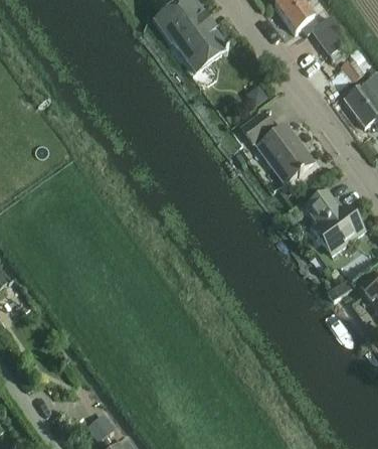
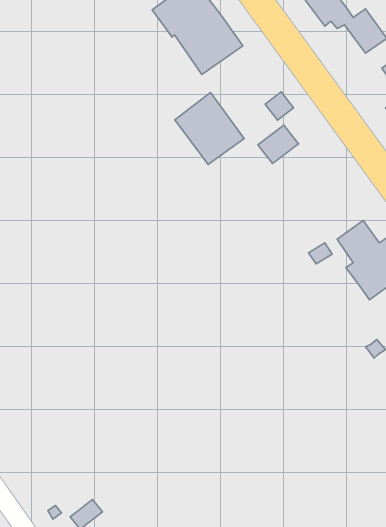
building: [256,123,313,181] -> [175,93,244,164]

